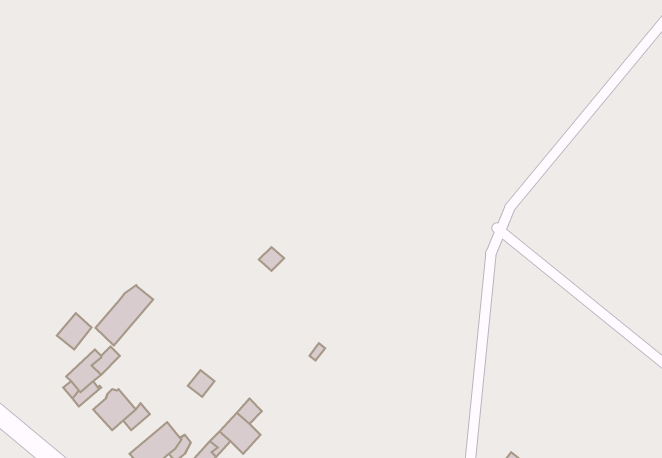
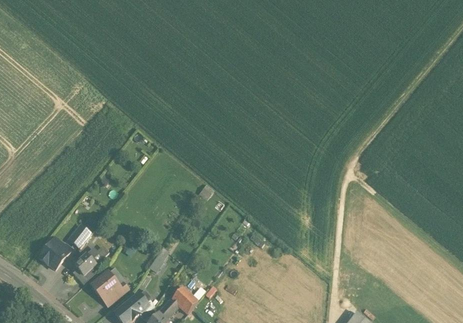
building: [95,285,153,345] -> none
building: none -> [38,236,71,268]

